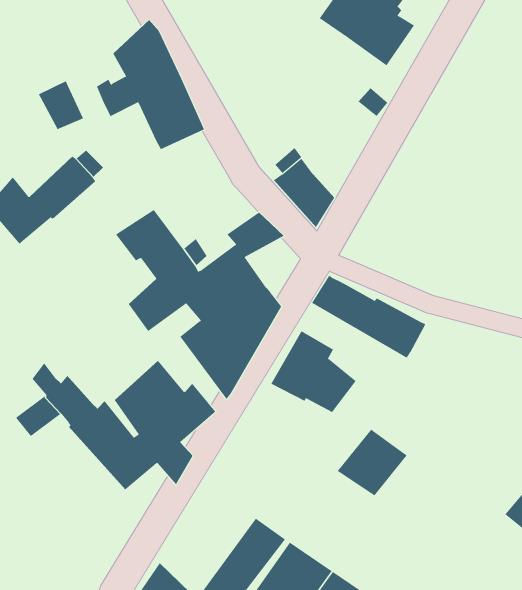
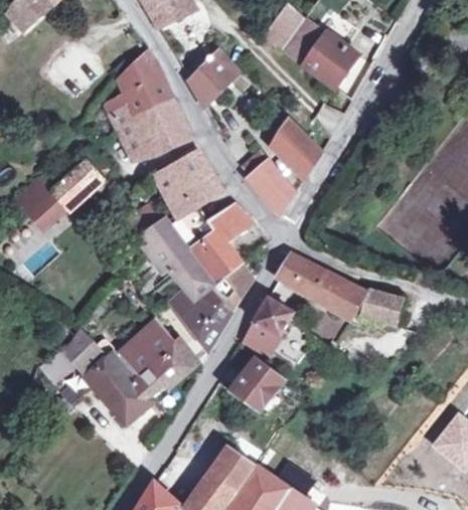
building: none -> [187,50,237,106]
building: [38,80,84,130] -> [115,117,151,156]
building: none -> [274,122,321,178]
building: none -> [156,150,222,219]
building: none -> [354,288,405,328]
building: [337,429,408,496] -> [229,358,286,411]

